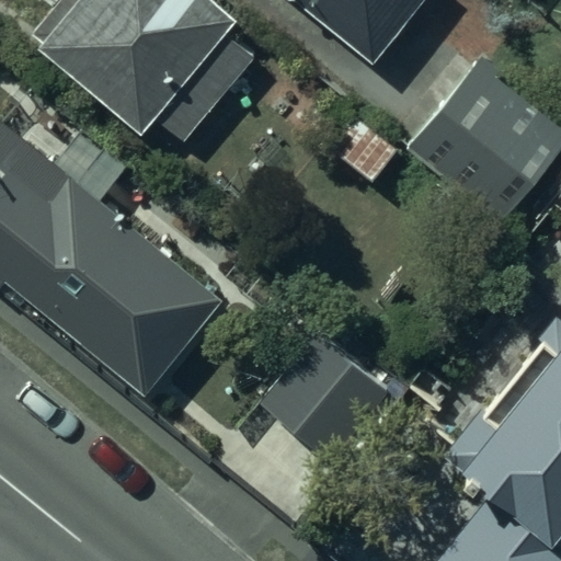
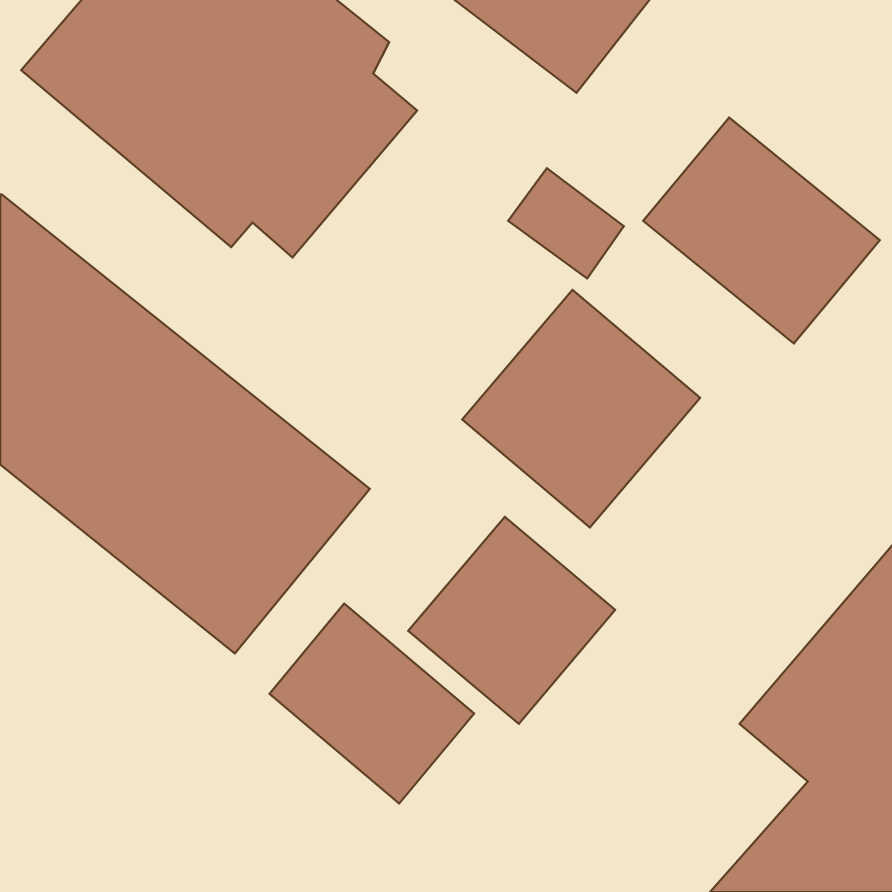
building: none -> [462,290,700,528]
building: none -> [269,604,474,804]

